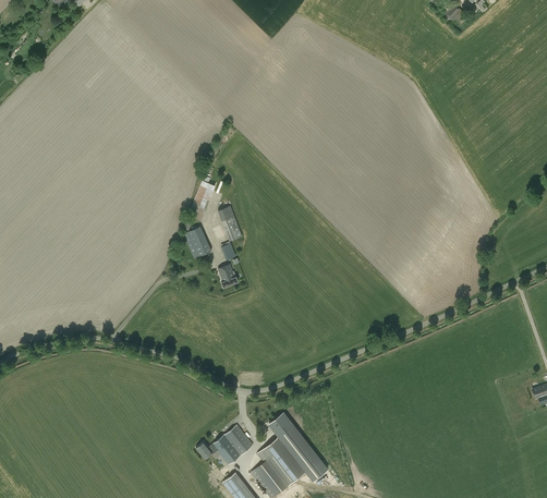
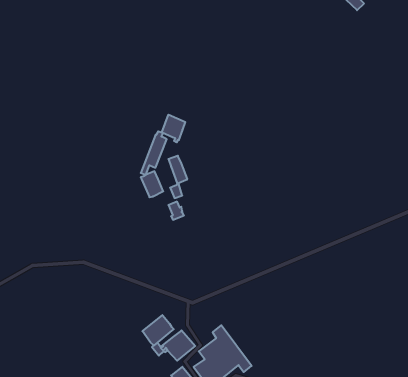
building: none -> [162,115,185,142]
building: none -> [142,315,174,345]

